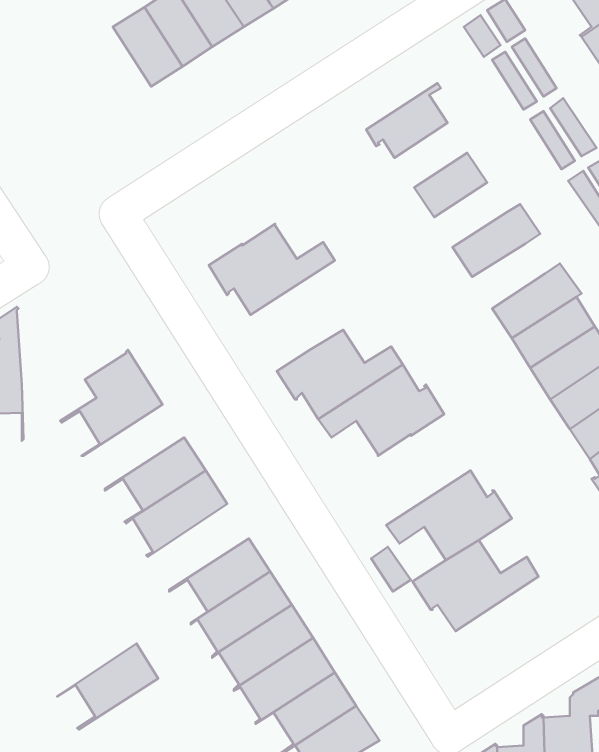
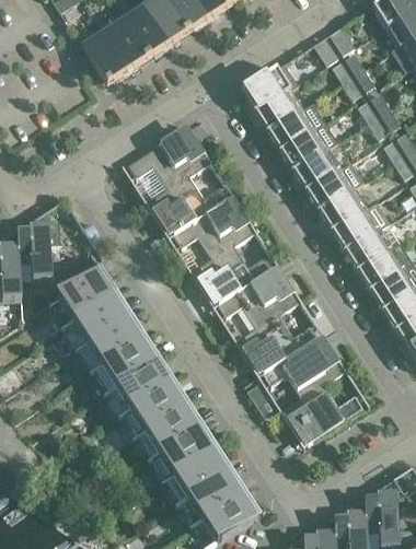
building: none -> [240,62,296,112]
building: none -> [267,107,315,150]
building: none -> [127,128,210,188]
building: none -> [293,147,342,189]
building: none -> [319,187,367,230]
building: none -> [172,198,255,257]
building: none -> [18,219,55,280]
building: none -> [61,293,128,349]
building: none -> [234,313,317,373]
building: [57,644,158,730] -> [104,359,171,416]

